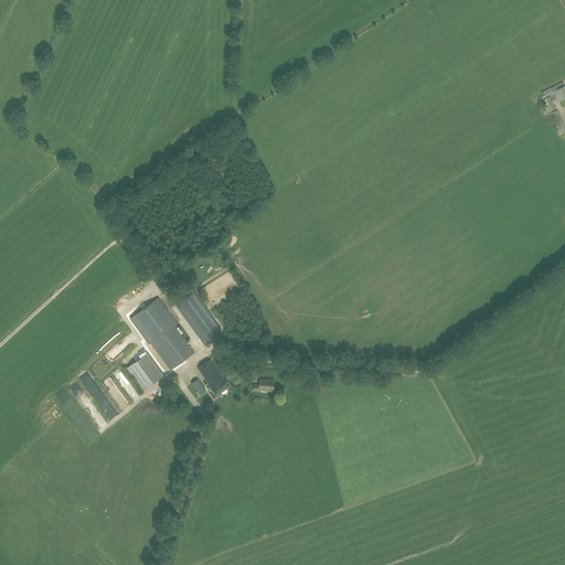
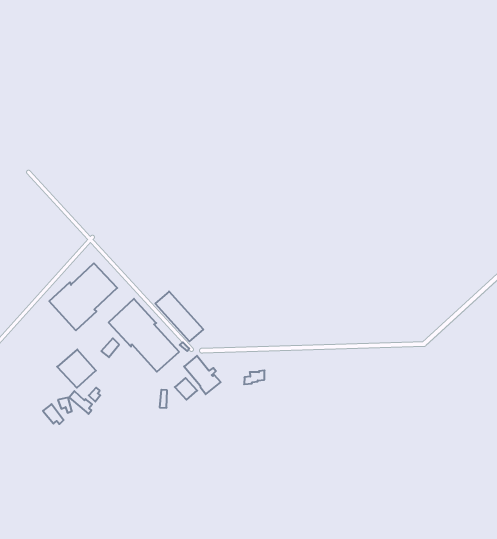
building: none -> [49,263,117,330]
building: [126,353,162,390] -> [57,349,96,388]

